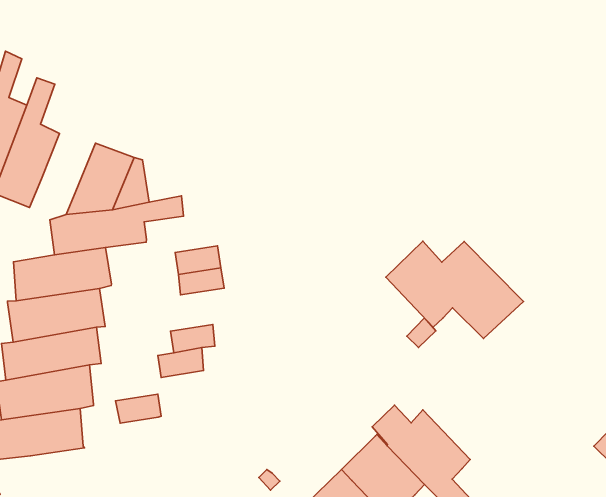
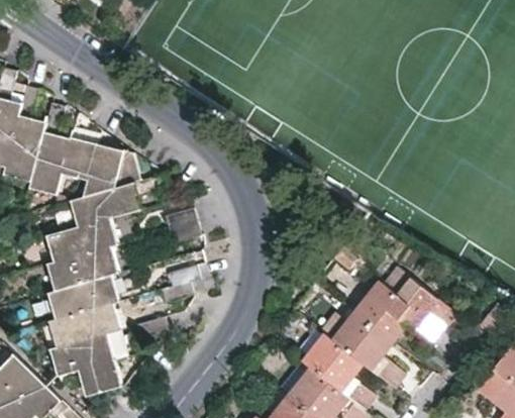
building: none -> [65,138,100,182]
building: [386,241,524,339] -> [351,277,450,343]
building: none -> [79,361,122,396]

